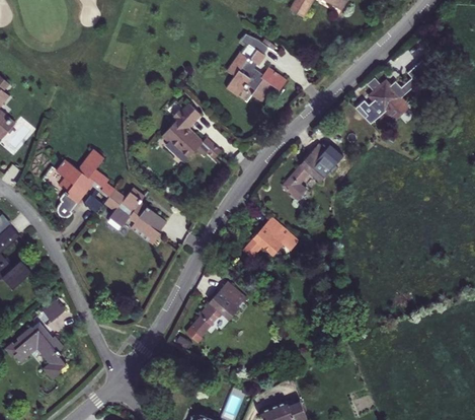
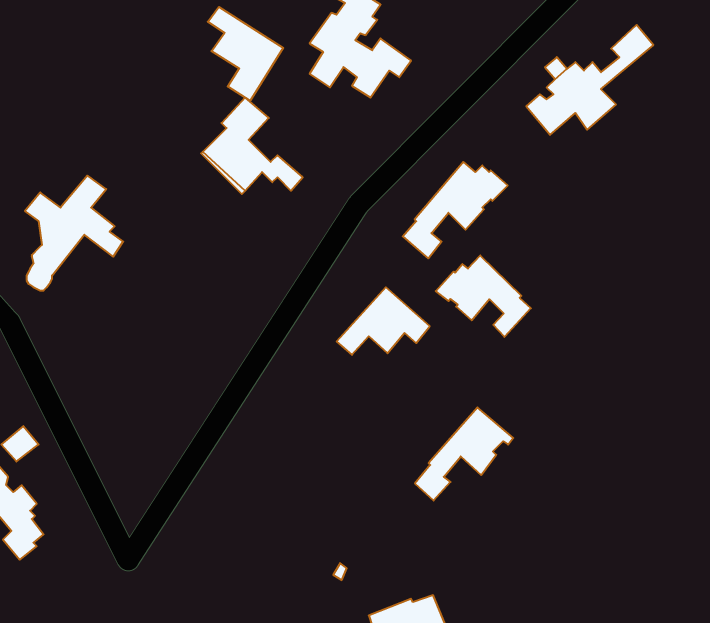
building: none -> [208,7,283,101]
building: [104,188,167,244] -> none
building: none -> [436,255,531,337]
building: [189,280,248,336] -> [415,407,513,501]

